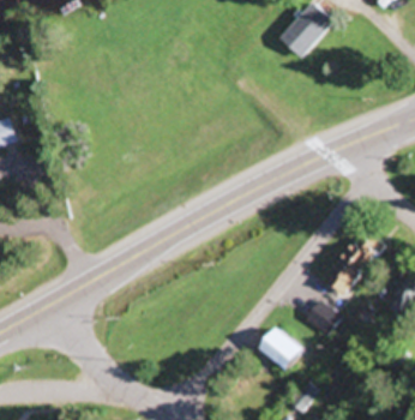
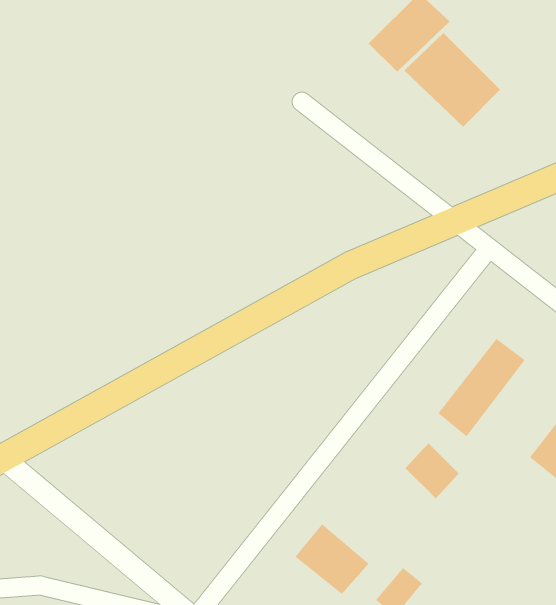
building: none -> [403,32,501,128]
building: [260,326,309,373] -> [294,523,369,595]

